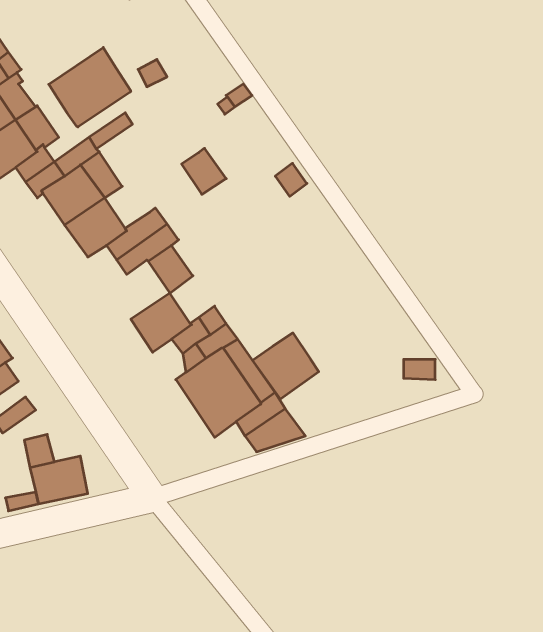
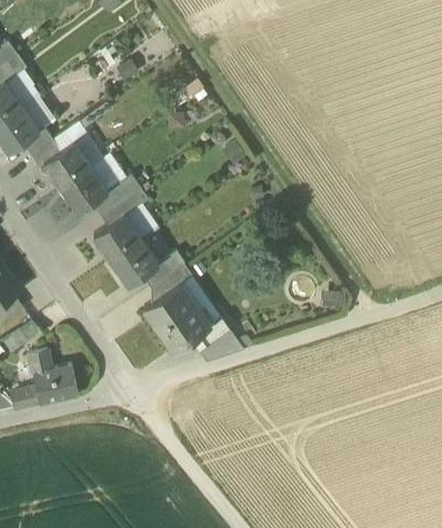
building: [49,47,131,127] -> none
building: [182,148,226,194] -> [90,155,124,191]
building: none -> [92,215,140,261]
building: [252,333,319,399] -> none

